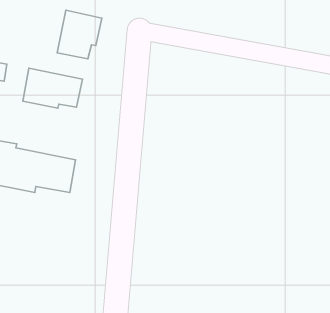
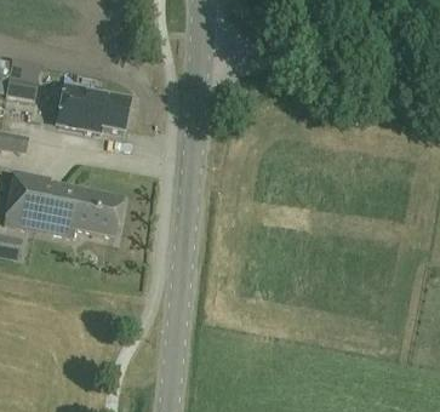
building: [57,10,102,59] -> none

